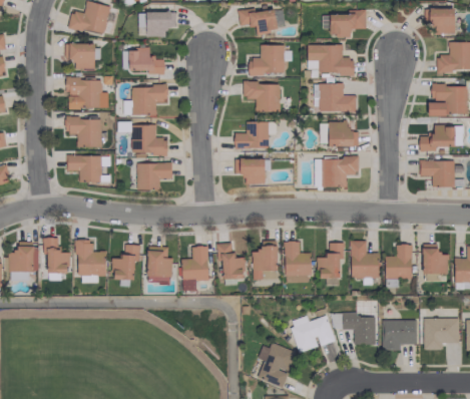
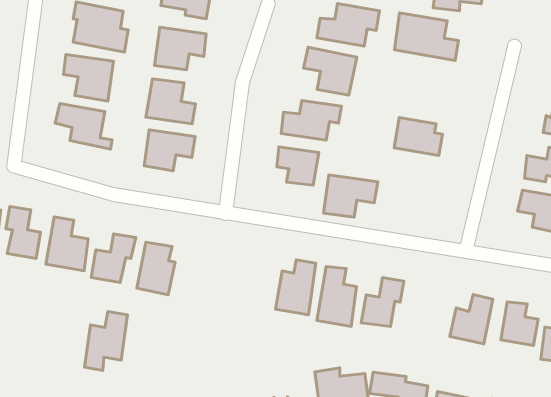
building: [316,84,356,111] -> none
building: [322,157,359,187] -> [323,175,378,217]
building: [351,241,379,278] -> none
building: [216,243,245,280] -> none
building: [181,247,208,291] -> [85,312,127,371]

